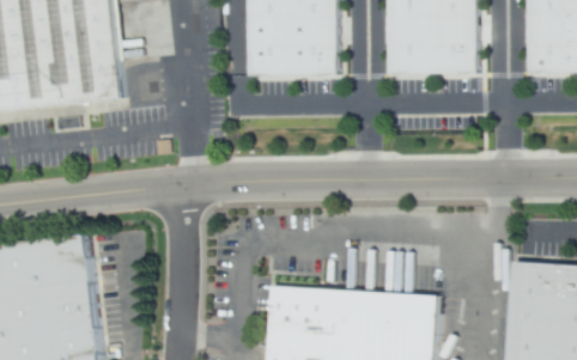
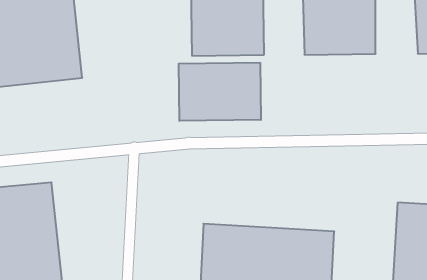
building: none -> [179,63,261,121]

